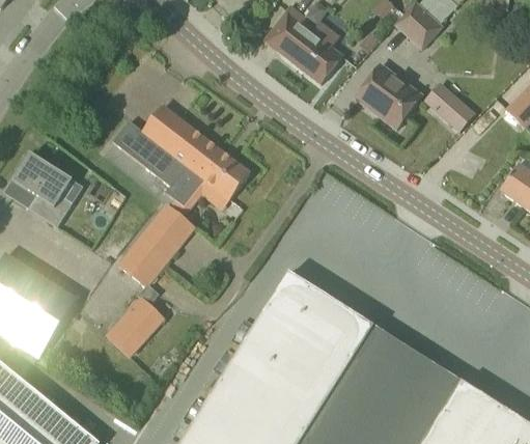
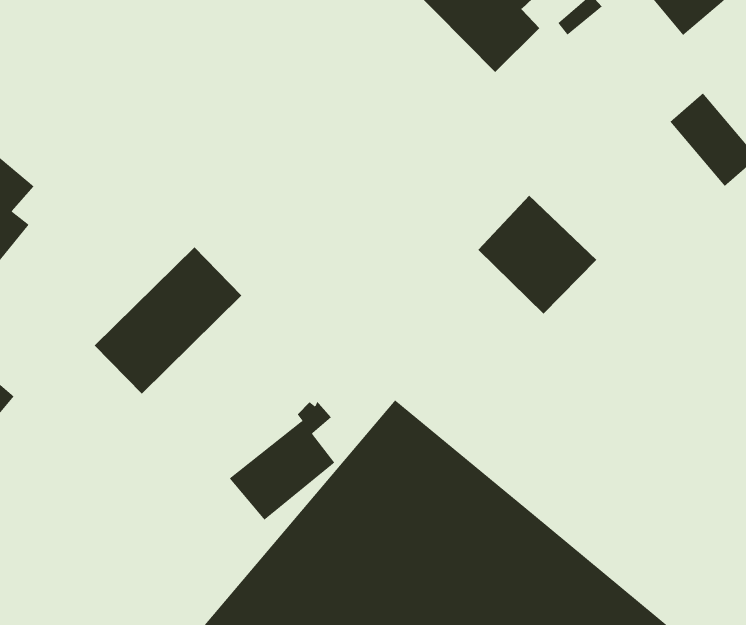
building: [355,64,422,130] -> [477,195,597,314]
building: [113,106,250,206] -> none
building: [105,285,163,356] -> [229,400,335,521]

